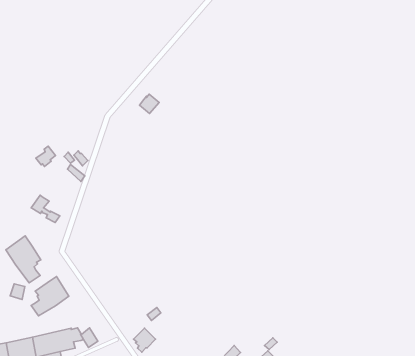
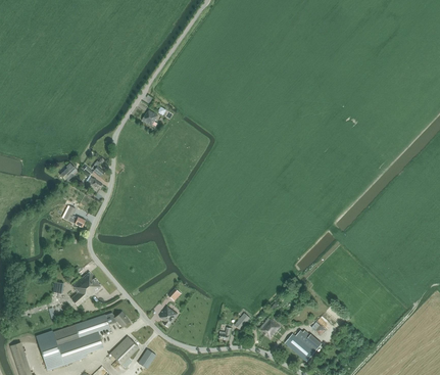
building: [6,236,41,283] -> none

